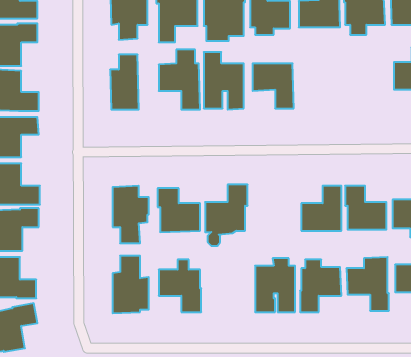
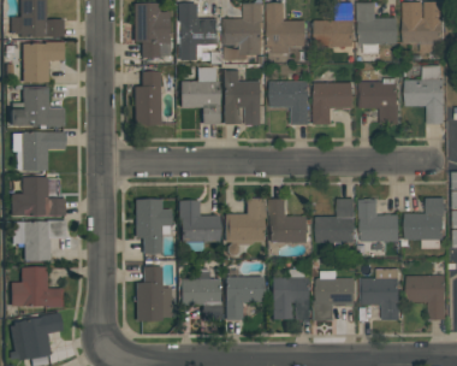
building: none -> [360,81,400,123]
building: none -> [314,82,354,123]
building: none -> [269,199,308,242]
building: none -> [225,277,265,320]

